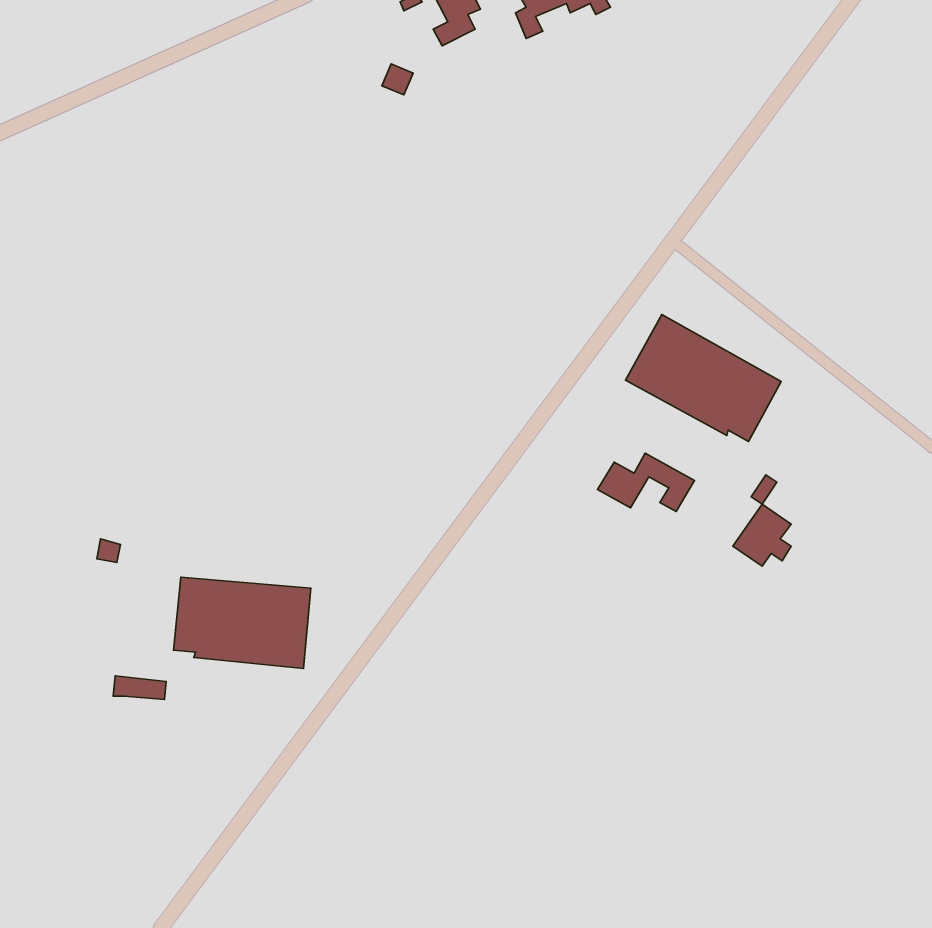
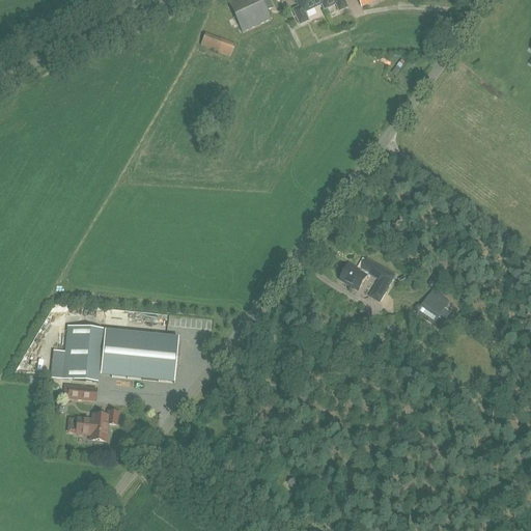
building: [625,315,781,442] -> none
building: none -> [61,324,103,380]
building: none -> [76,412,108,439]

